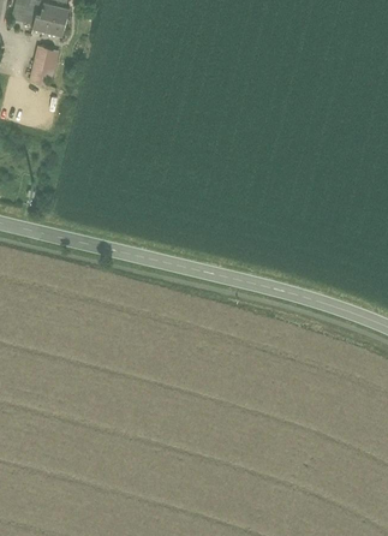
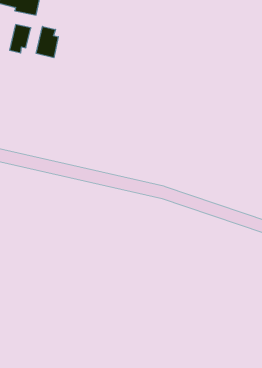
building: none -> [36,26,58,58]

